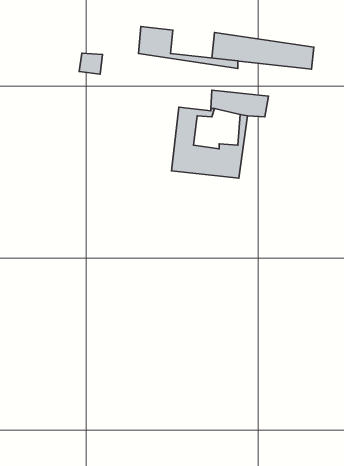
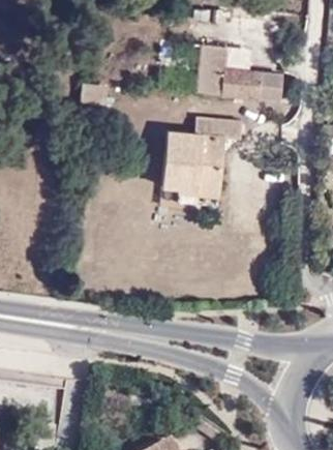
building: [138,27,238,68] -> [199,46,282,81]
building: none -> [181,132,220,167]

